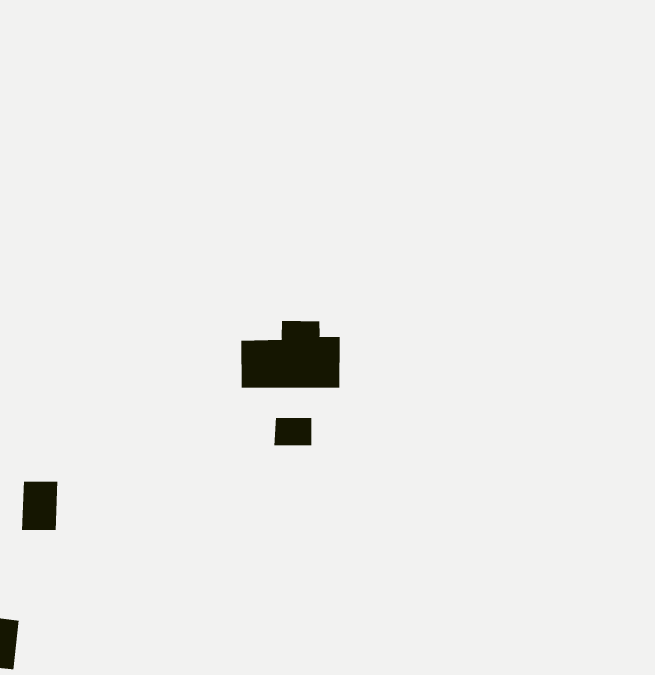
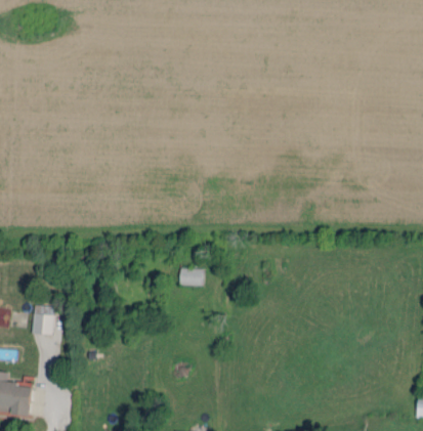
building: [241,320,340,389] -> none

